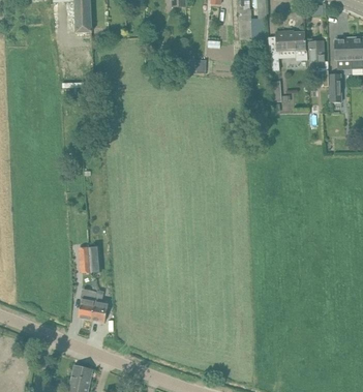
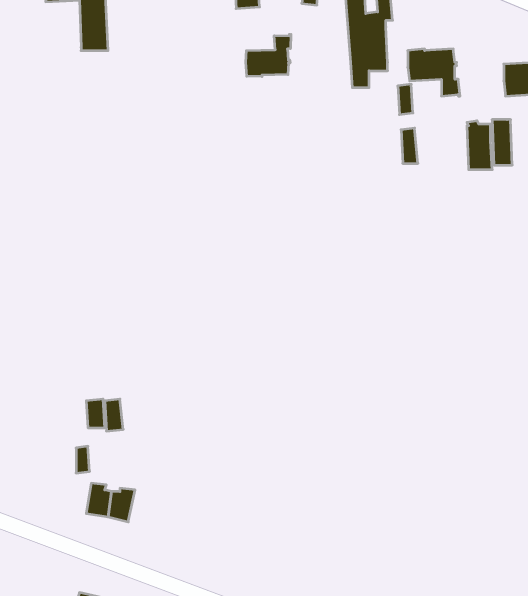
building: none -> [246,34,291,77]
building: [309,38,325,68] -> [467,121,492,170]

